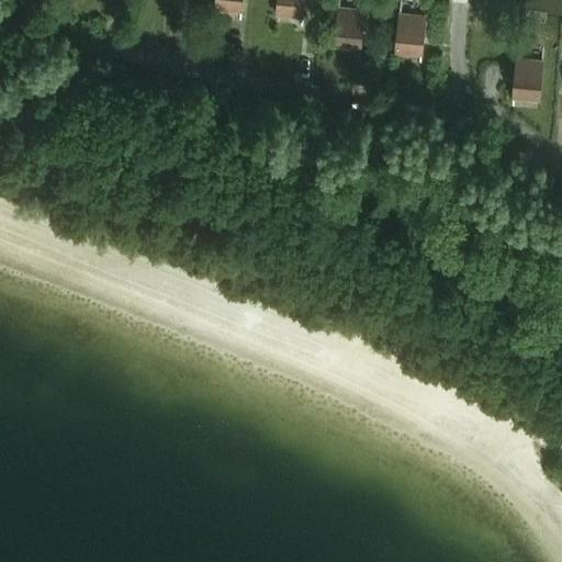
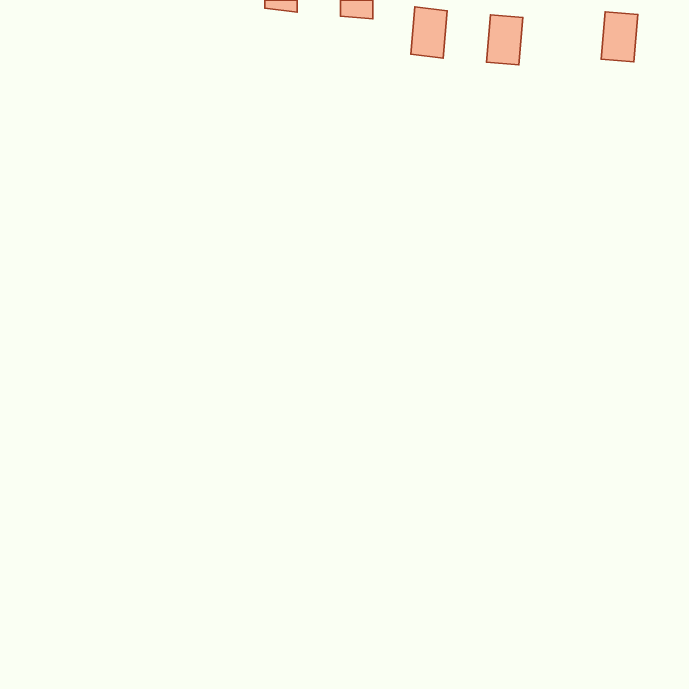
building: [513,58,542,99] -> [601,12,638,62]

